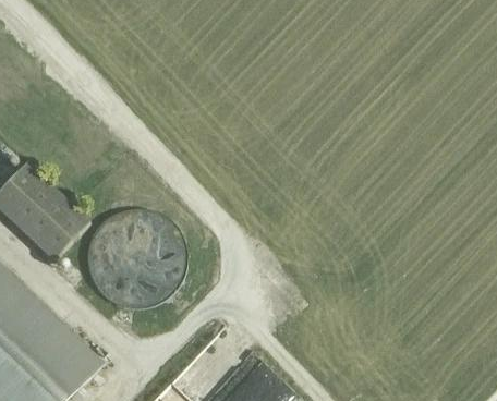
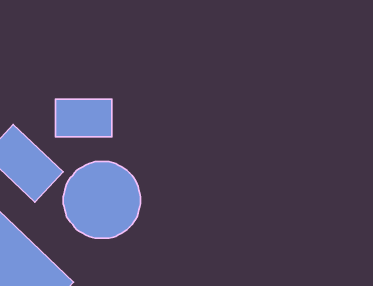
building: none -> [56,99,112,137]

